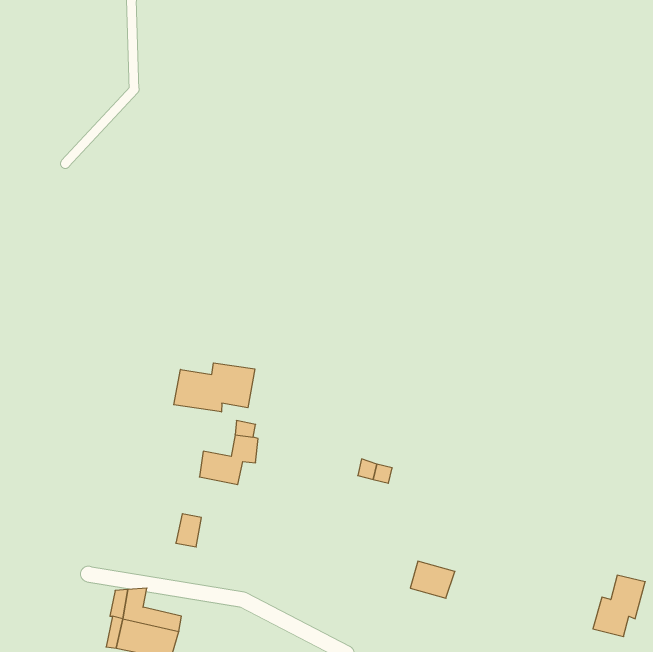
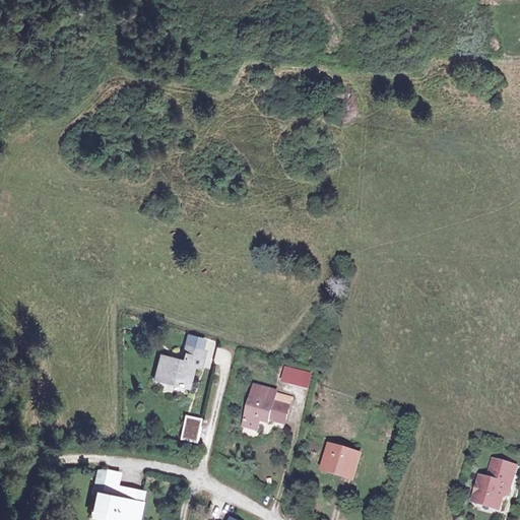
building: [174,363,255,412] -> none
building: none -> [245,387,289,427]
building: [176,514,201,547] -> [180,415,200,442]

